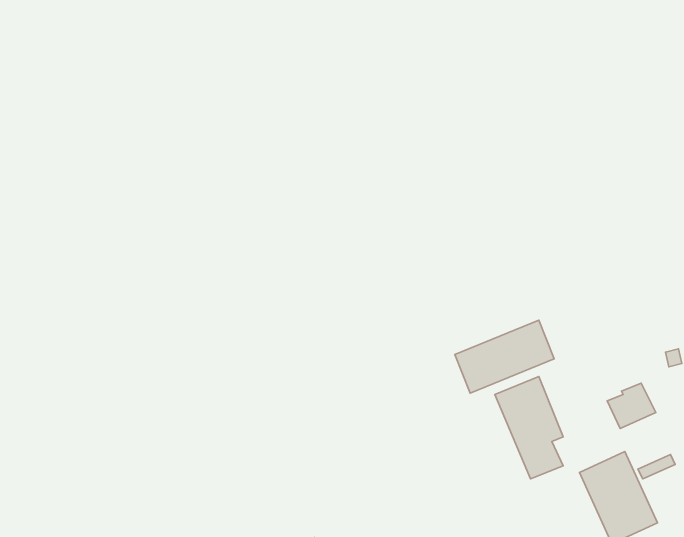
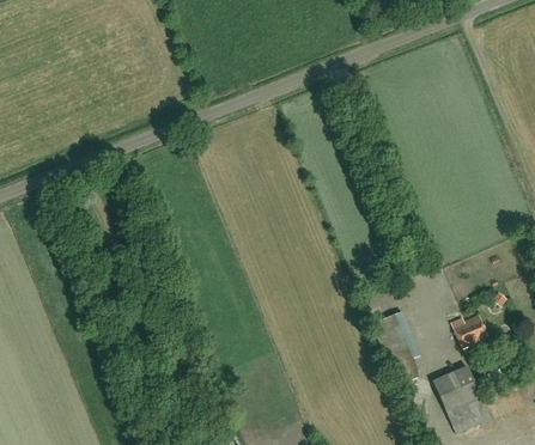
building: [455,320,554,393] -> none

